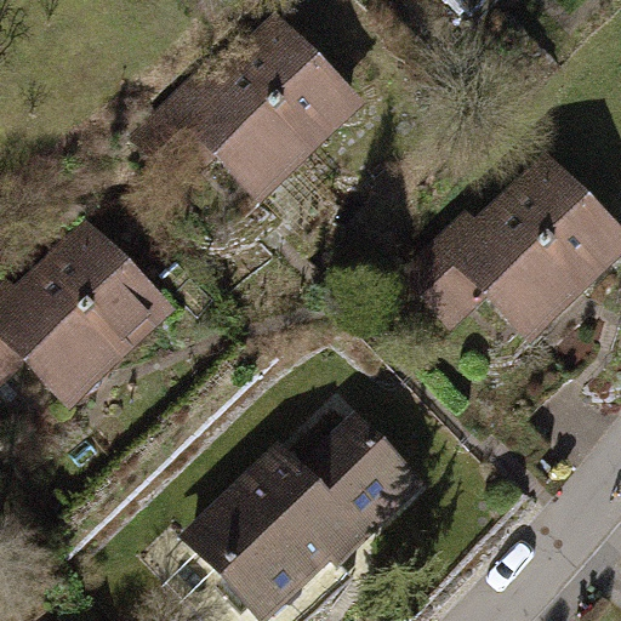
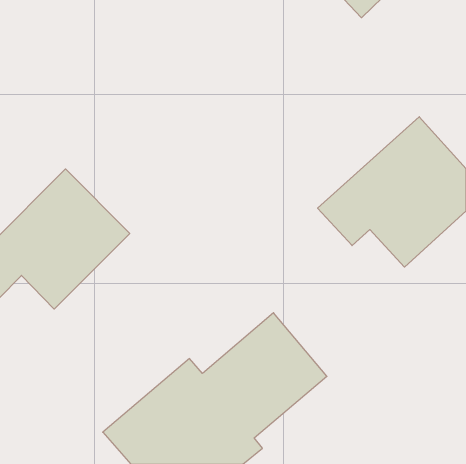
building: [146,5,369,194] -> none

